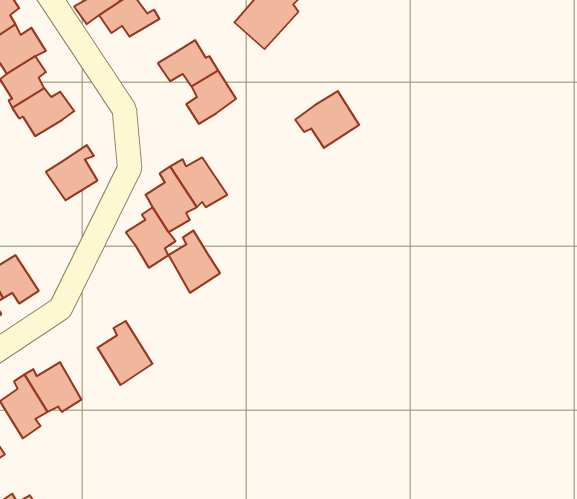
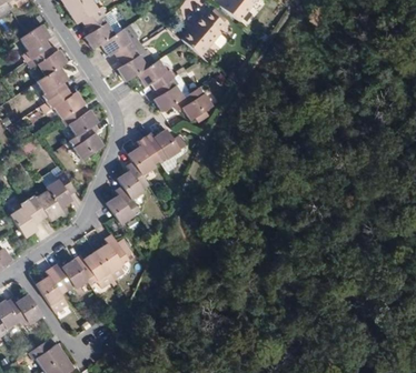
building: none -> [117,43,147,79]
building: [295,91,359,148] -> [172,84,212,120]
building: none -> [59,104,97,133]
building: none -> [44,170,73,209]
building: [169,230,220,293] -> [106,184,138,223]
building: none -> [75,249,112,284]

